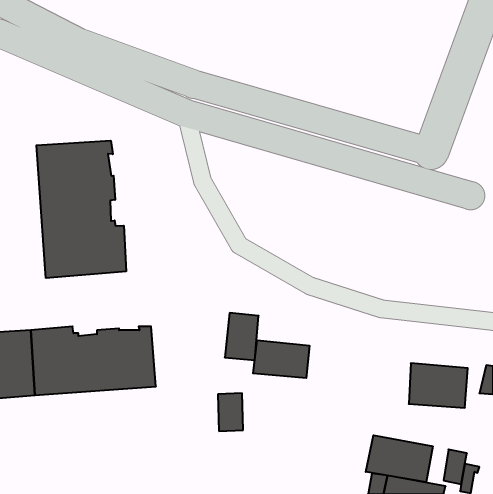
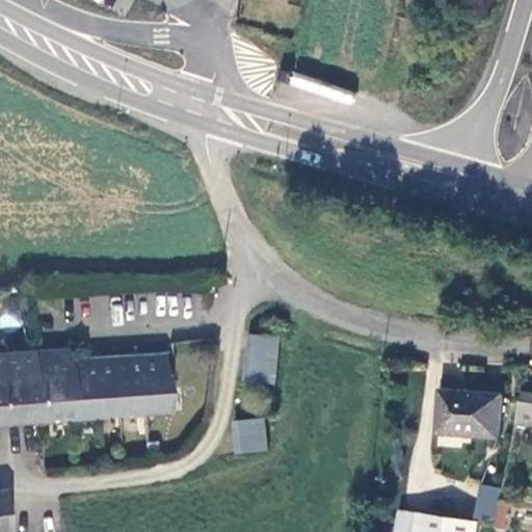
building: [36,141,126,278] -> none
building: [253,340,309,378] -> none
building: [366,435,433,482] -> none

